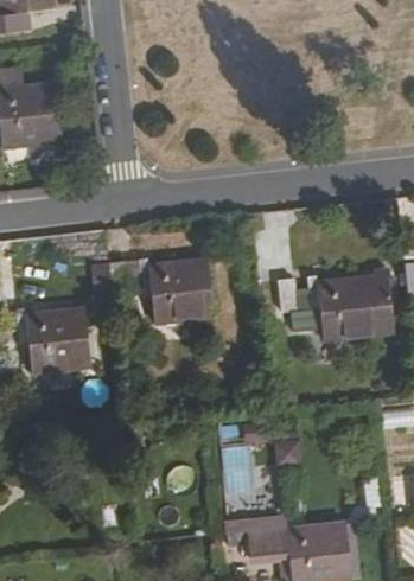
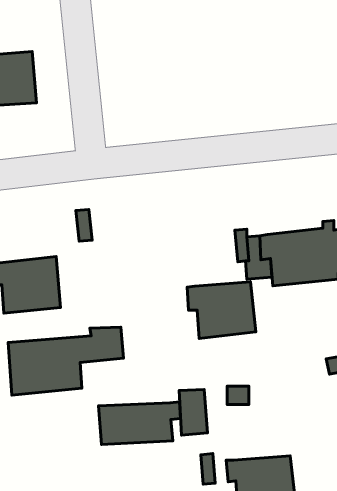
building: [138,258,212,320] -> [187,282,256,338]
building: none -> [8,327,124,395]
building: none -> [99,402,180,444]

